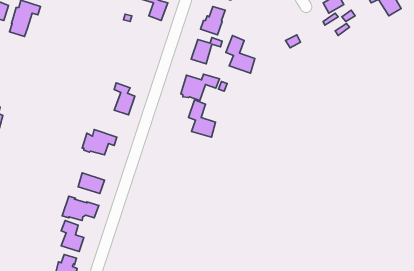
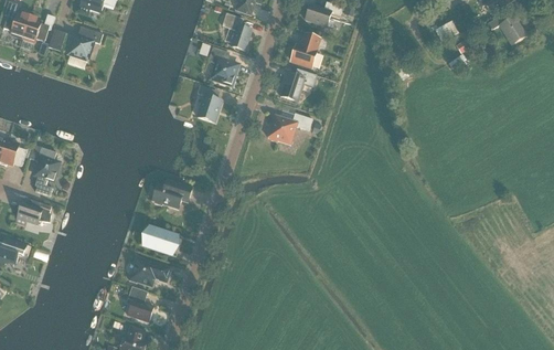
building: none -> [207,46,237,85]
building: [226,36,255,73] -> none
building: [114,83,135,115] -> [196,85,221,123]
building: [188,100,216,137] -> none

